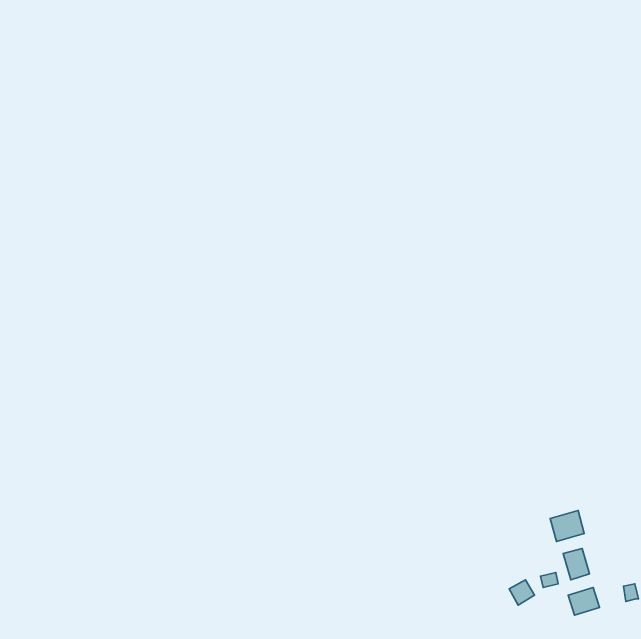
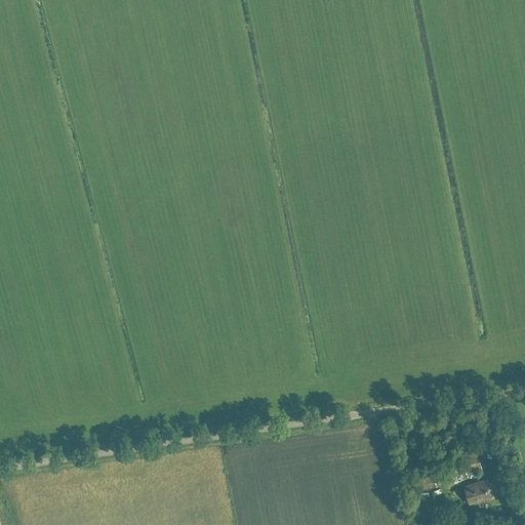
building: [550,511,584,541] -> none

